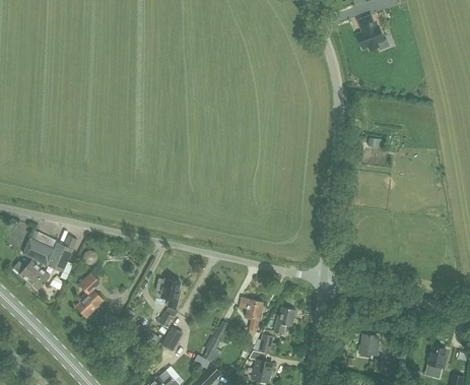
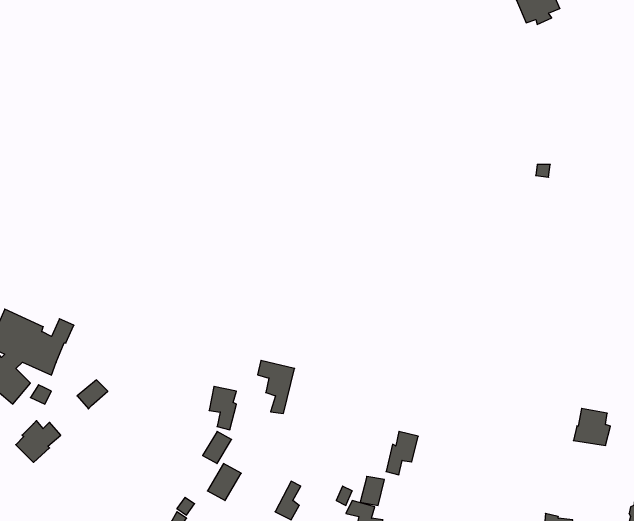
building: [75,291,104,317] -> [16,421,61,462]
building: [240,298,263,331] -> [258,360,295,413]
building: [357,333,381,357] -> [573,408,610,445]

